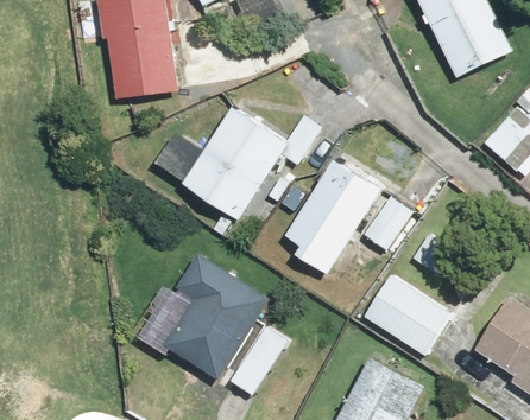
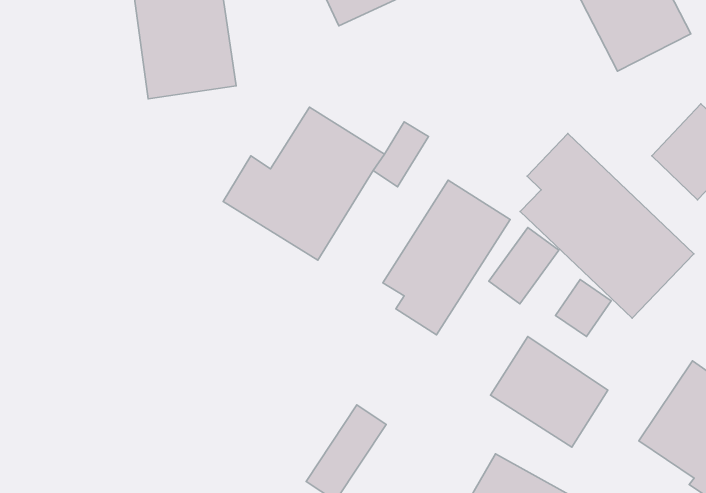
building: none -> [520,133,694,318]
building: [132,252,270,378] -> none

